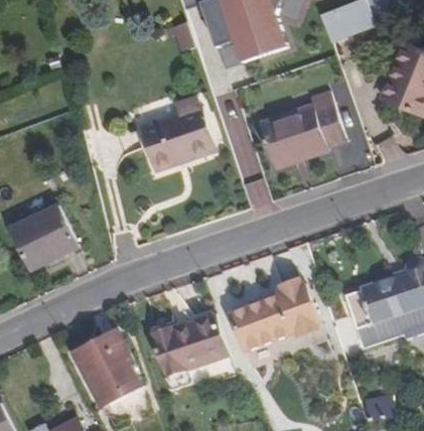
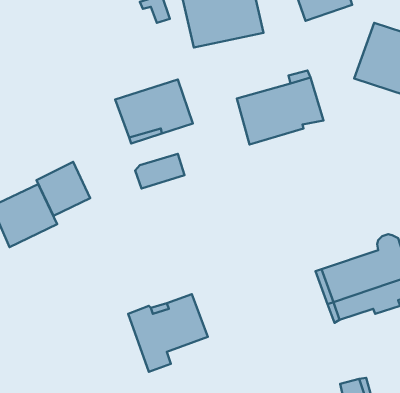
building: none -> [135,154,184,189]
building: none -> [36,162,90,216]
building: [228,293,309,351] -> none
building: [77,332,146,410] -> none

